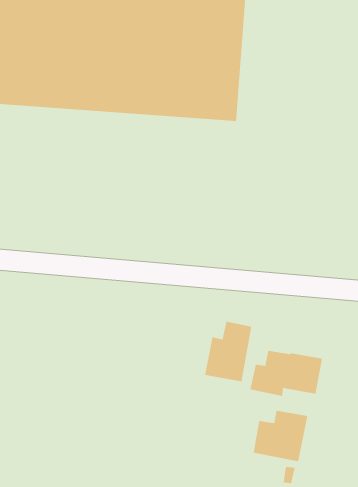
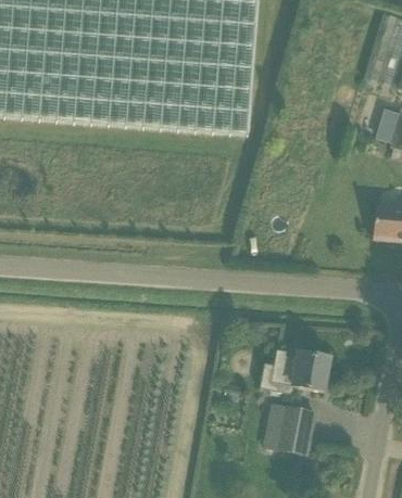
building: [205,321,252,382] -> none

